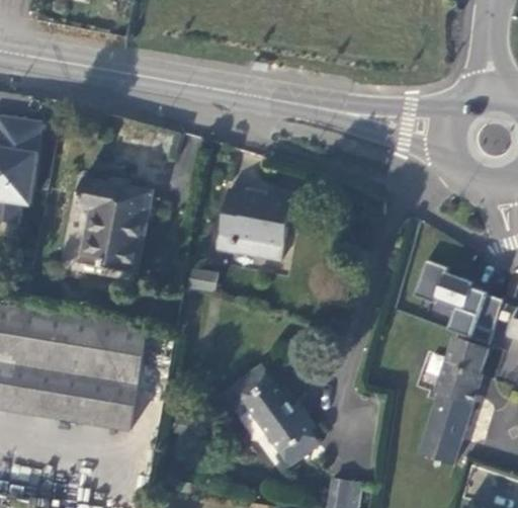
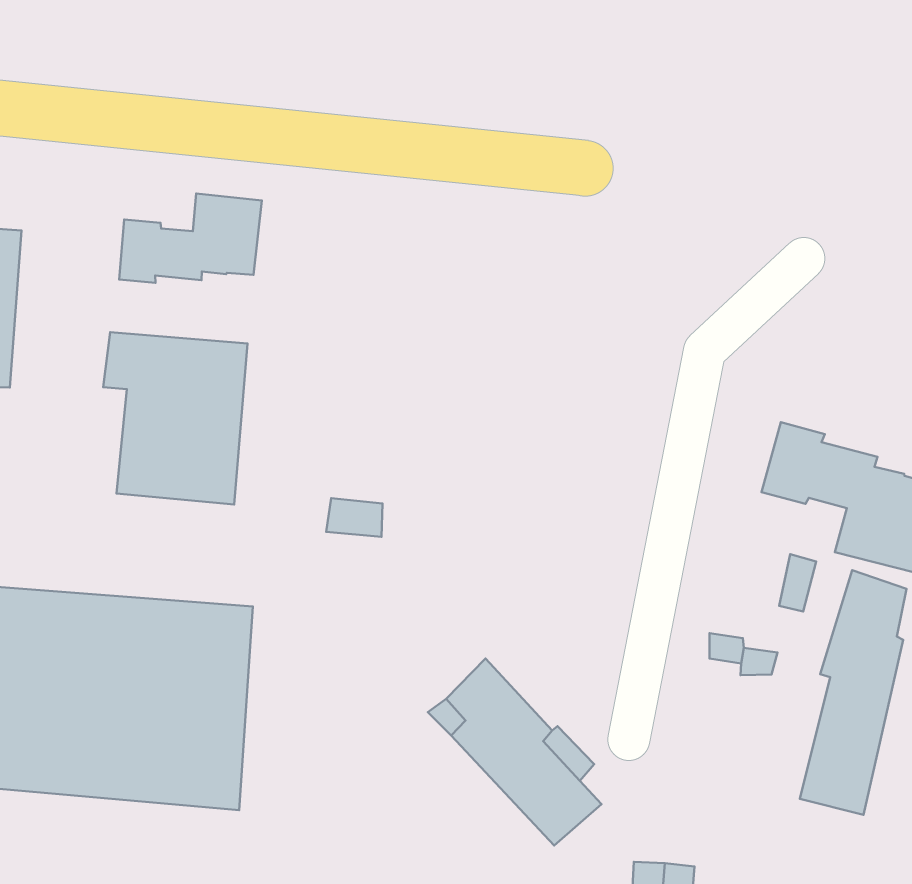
building: none -> [119,194,262,283]
building: [218,192,290,266] -> none

